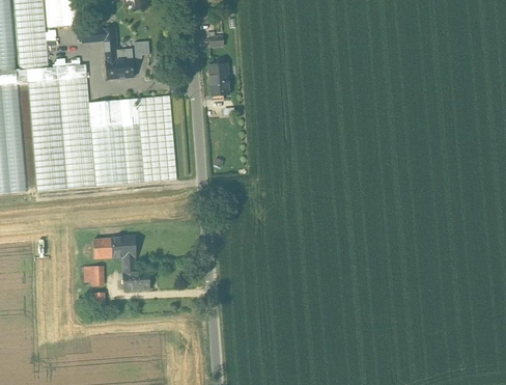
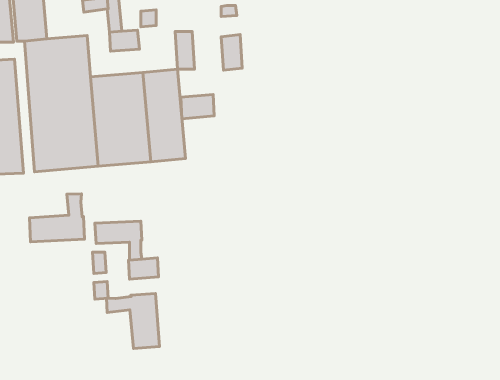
building: none -> [175,32,195,69]
building: none -> [181,94,214,119]
building: none -> [29,194,84,242]
building: none -> [107,294,159,348]

